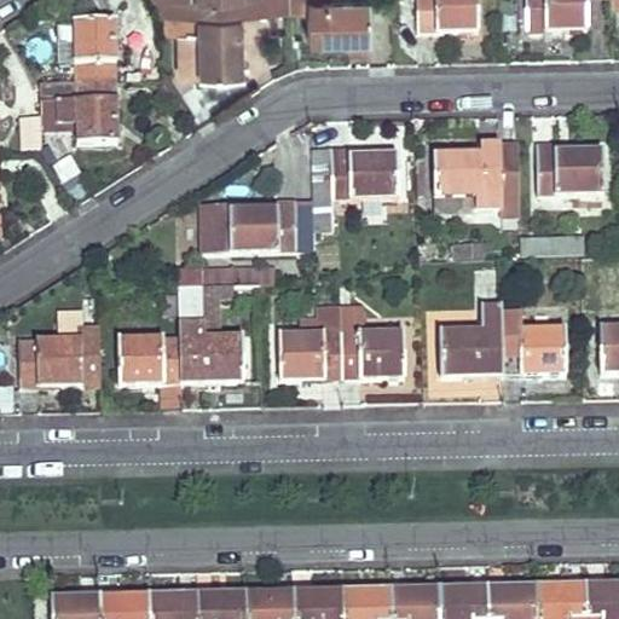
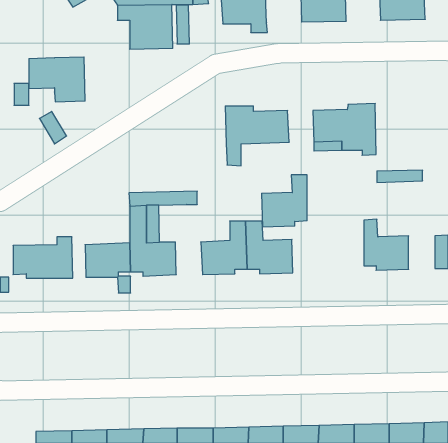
building: [73,18,116,80] -> none
building: [536,141,602,192] -> none
building: [202,198,313,251] -> none
building: [439,303,502,375] -> [262,175,307,227]

